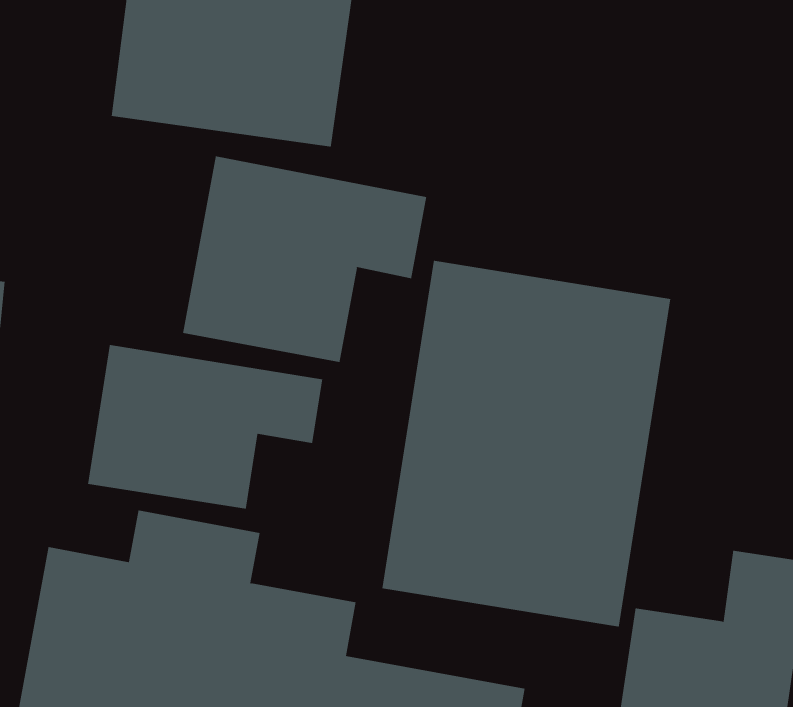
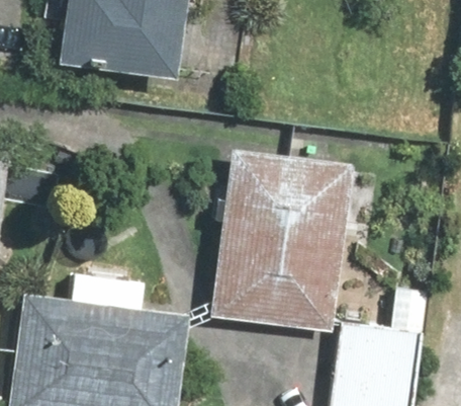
building: [183,156,427,363] -> none
building: [88,344,323,510] -> none

